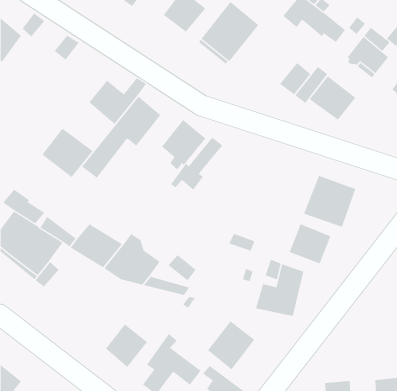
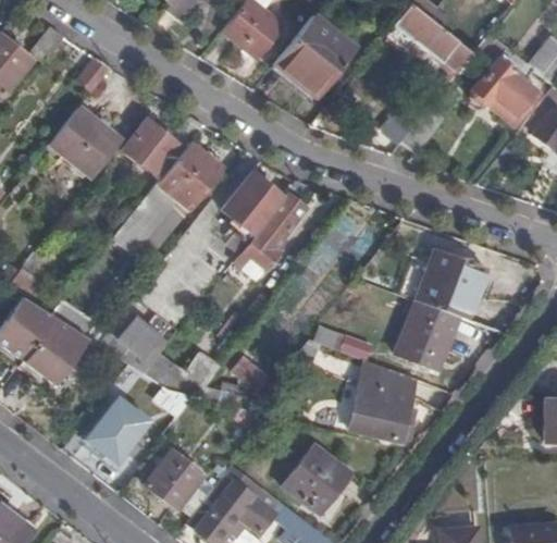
building: [309,75,356,120] -> none
building: [41,128,93,178] -> [51,110,122,177]
building: none -> [86,398,148,462]

